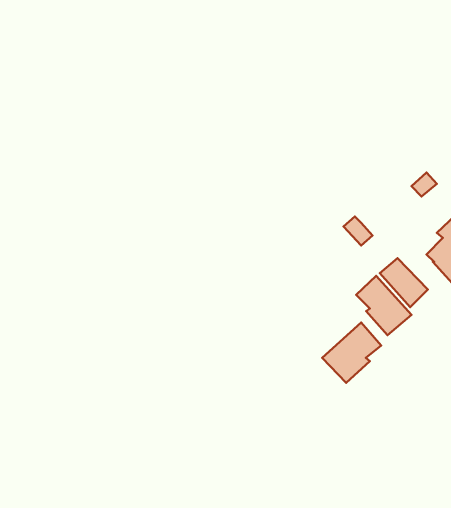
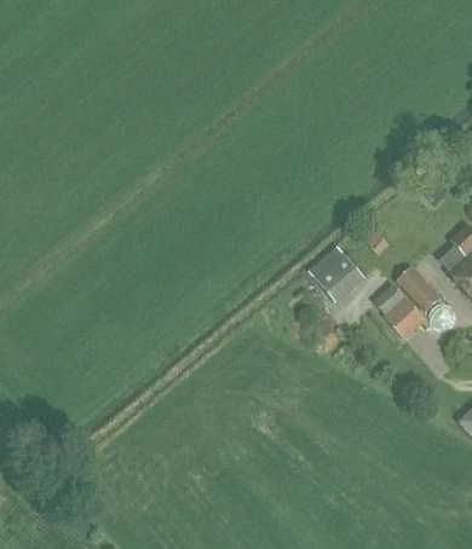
building: none -> [309,247,364,304]
building: [322,323,381,383] -> none

